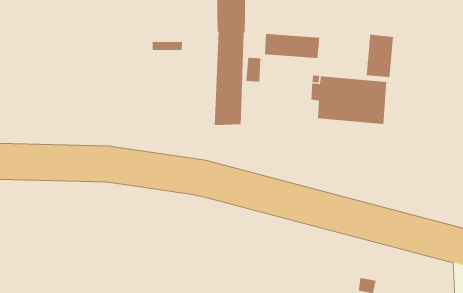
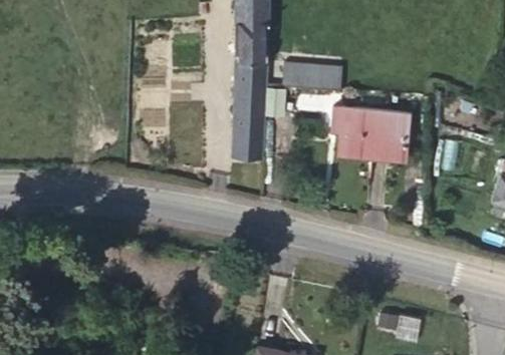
building: [366,34,394,78] -> none

